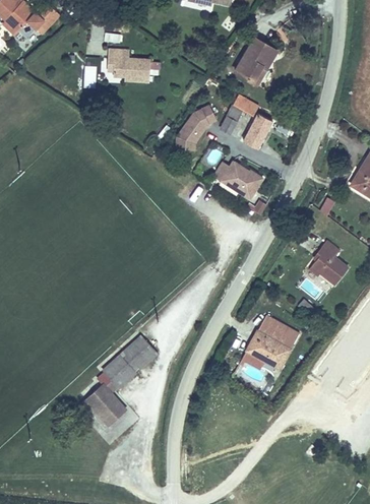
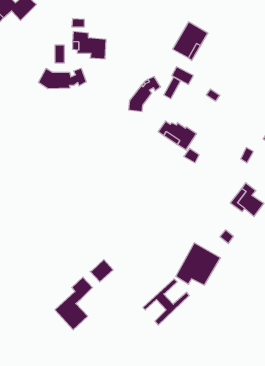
building: none -> [39,68,86,89]
building: [245,113,272,147] -> none
building: [102,333,161,392] -> [143,279,189,325]

